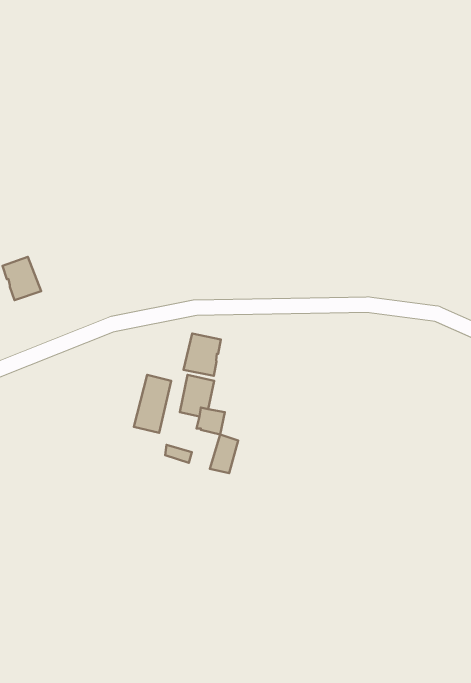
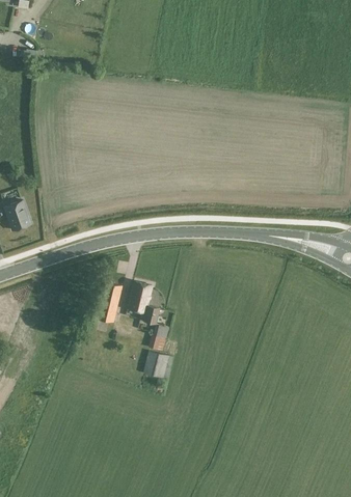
building: [183,334,221,376] -> none
building: none -> [143,350,168,377]

